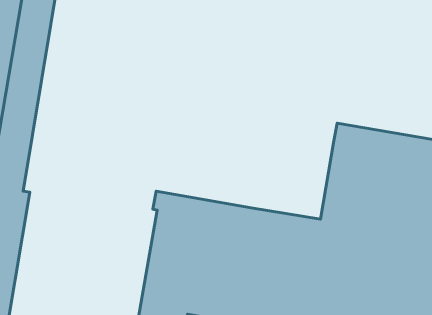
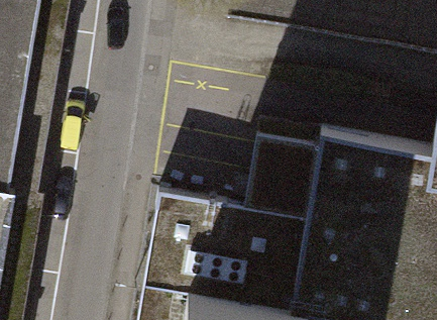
building: none -> [236,132,311,214]

